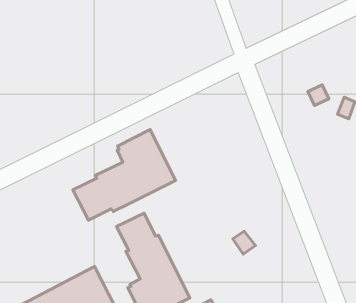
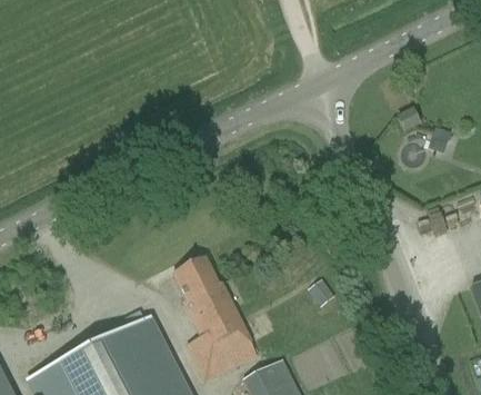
building: [73,129,176,220] -> none

